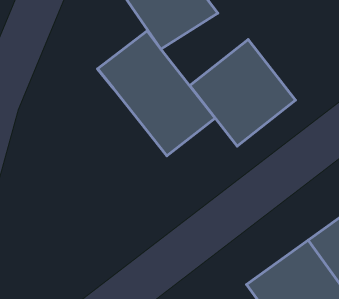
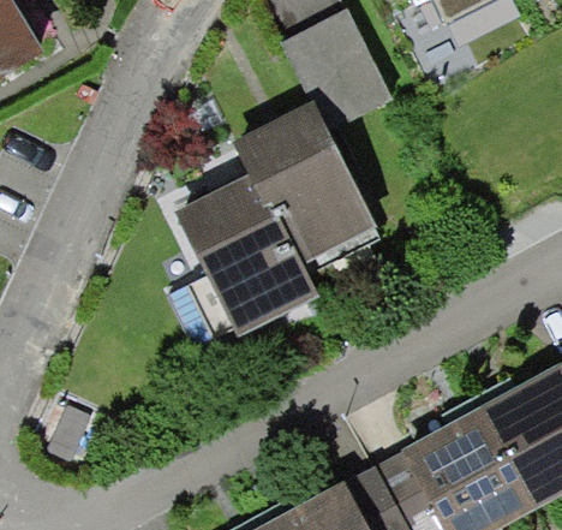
building: [190,40,295,146] -> none
building: none -> [178,173,321,340]

